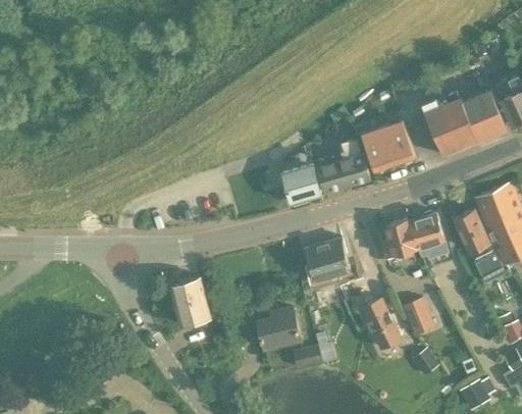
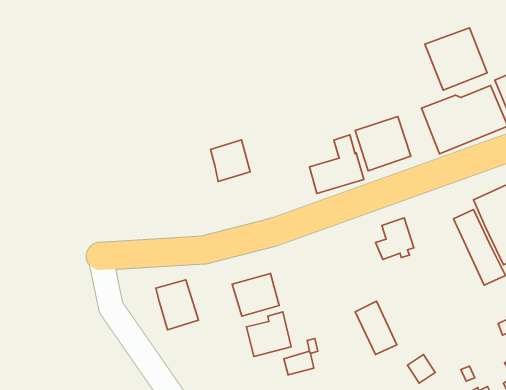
building: none -> [425,28,487,90]
building: [282,164,320,204] -> [211,140,250,182]
building: [408,210,449,256] -> none
building: [305,237,350,277] -> [232,274,279,316]
building: [403,303,433,337] -> none

